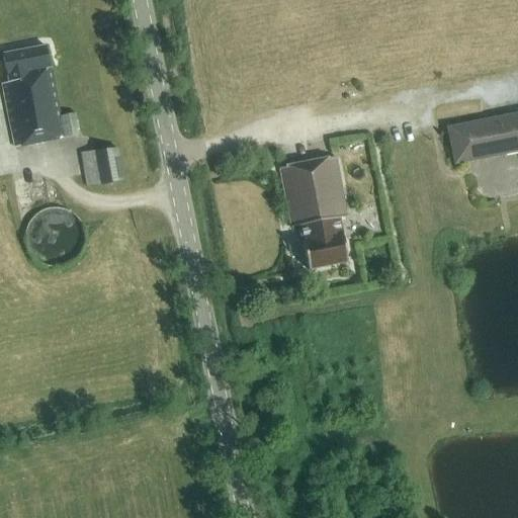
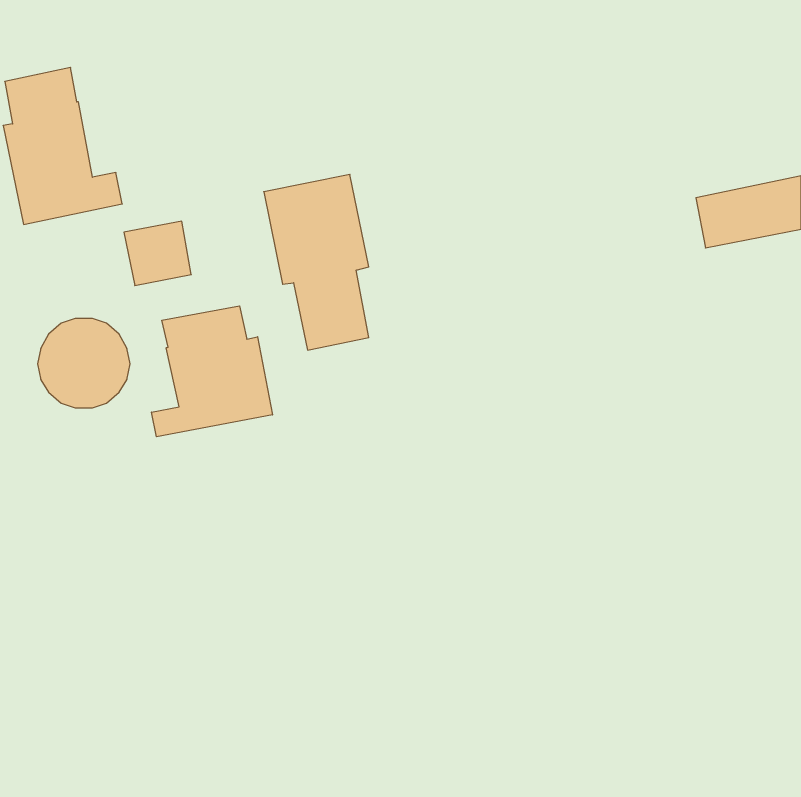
building: [279,155,347,268] -> [264,174,369,350]
building: none -> [152,306,272,437]

